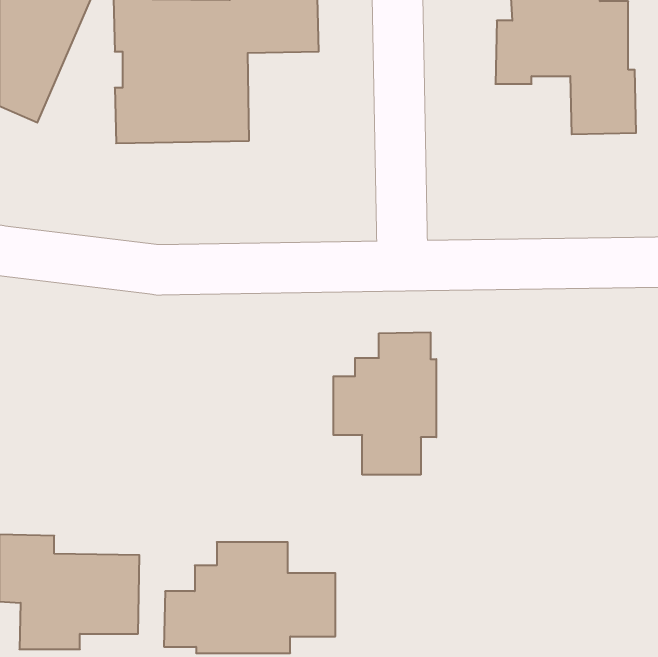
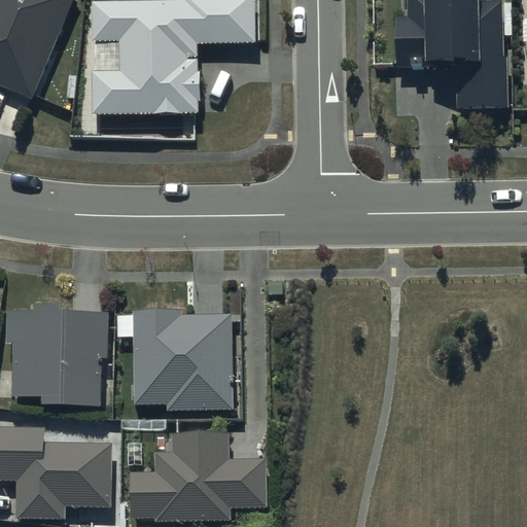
building: [333,332,436,475] -> none
building: none -> [6,303,108,405]
building: none -> [133,309,231,409]

